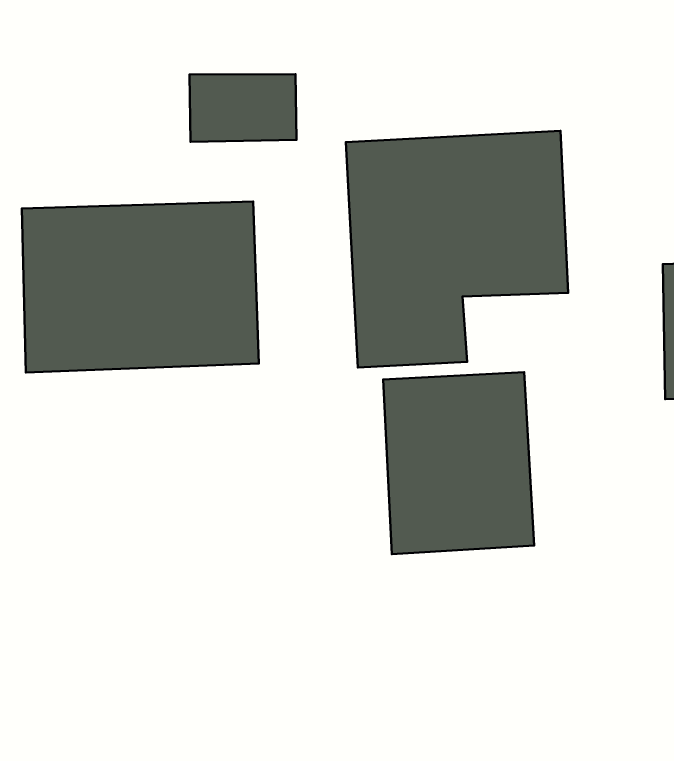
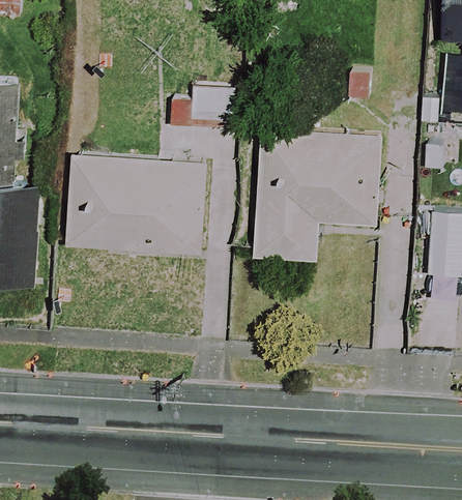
building: [383,372,534,554] -> none

